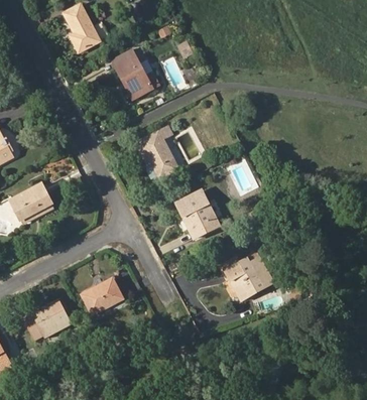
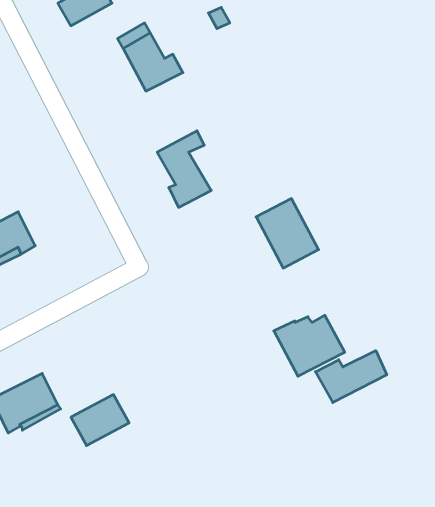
building: [175,189,220,239] -> [256,199,319,268]
building: [82,278,123,314] -> [71,395,129,446]
building: none -> [315,351,387,403]

